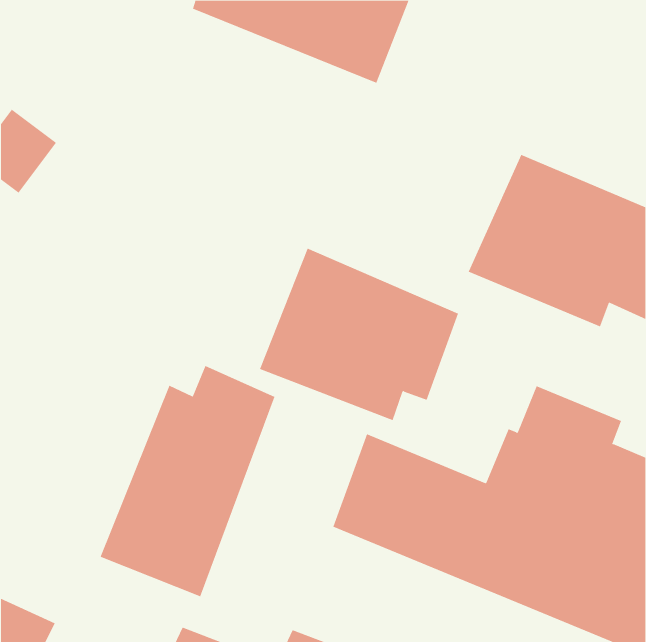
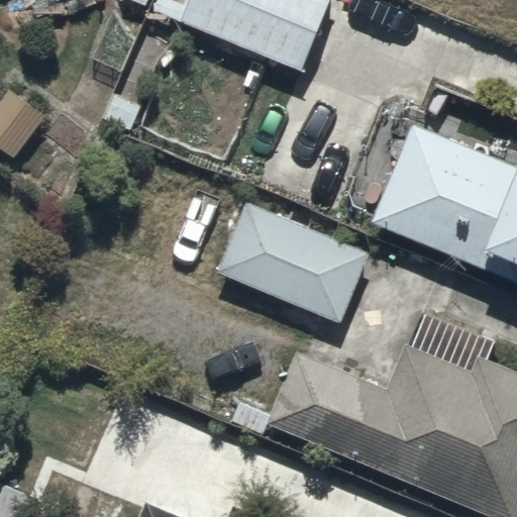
building: [100,365,275,597] -> none

